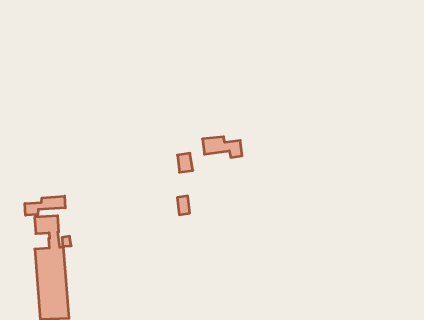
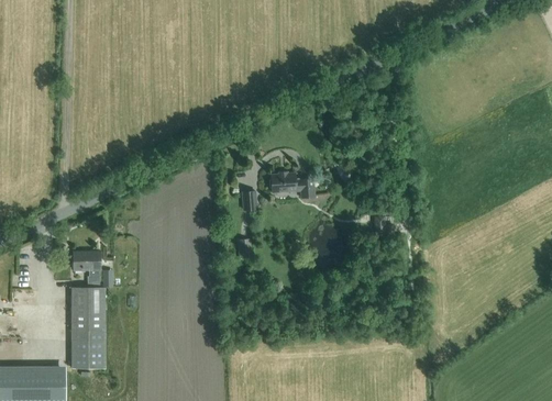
building: [25,196,65,215] -> none

